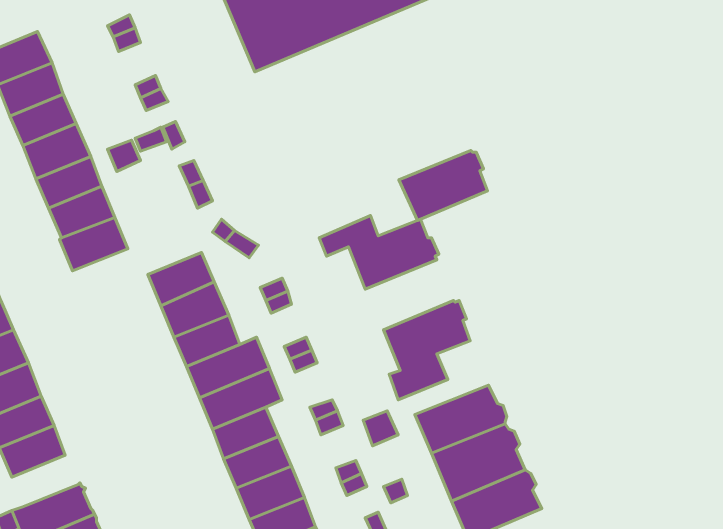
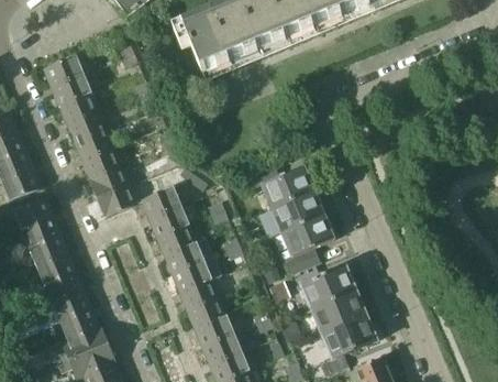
building: [399,150,487,220] -> [269,190,322,232]
building: none -> [95,184,136,217]
building: none -> [58,307,98,338]

